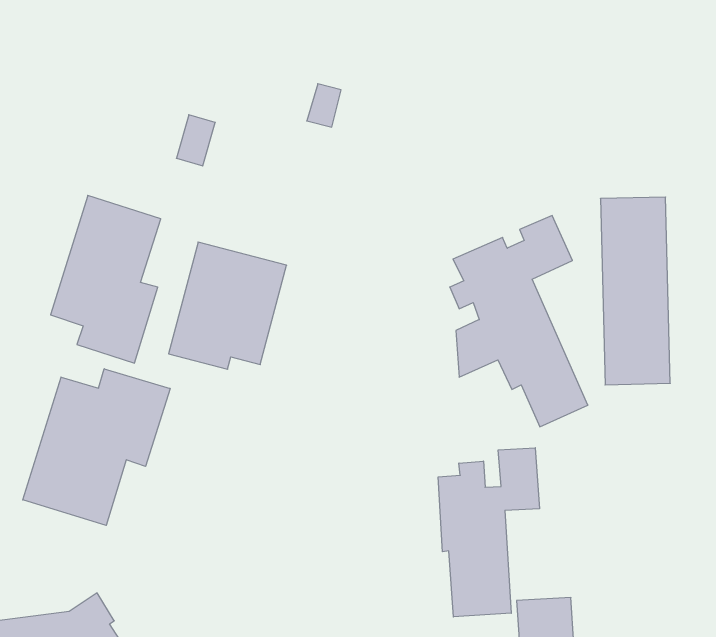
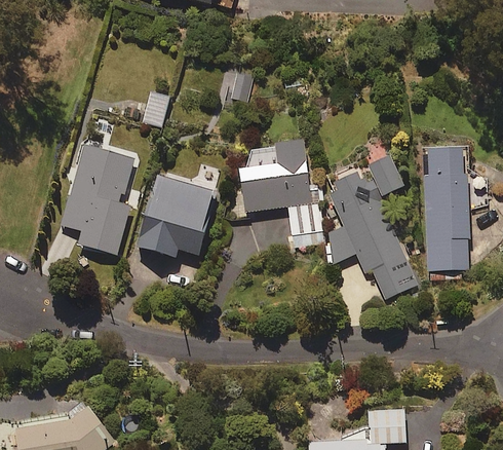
building: none -> [238,141,319,247]
building: [23,369,170,525] -> none
building: [438,448,539,617] -> none

